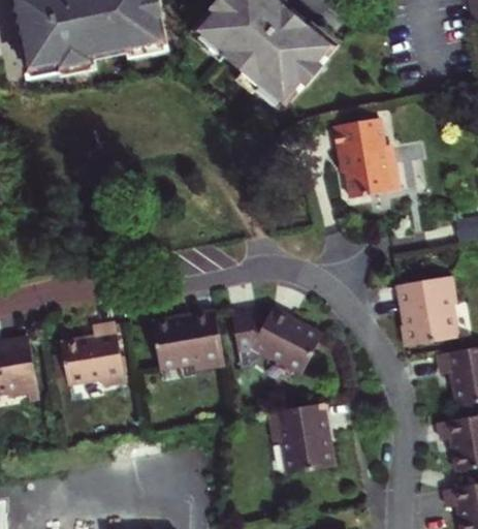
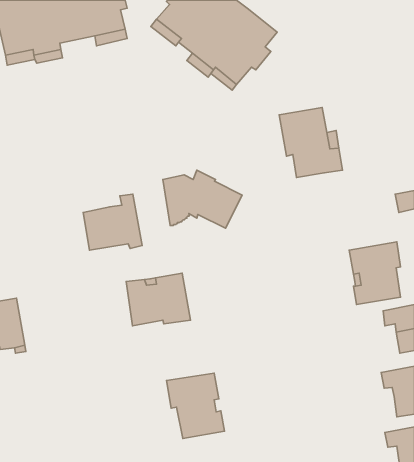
building: [234,306,323,371] -> [163,170,242,228]
building: [60,322,126,385] -> [83,194,142,250]
building: [270,397,336,470] -> [166,373,224,438]

